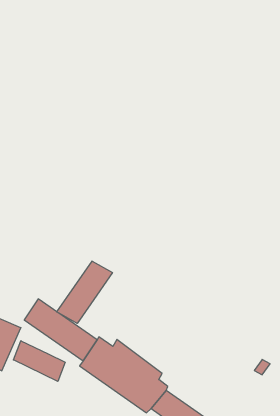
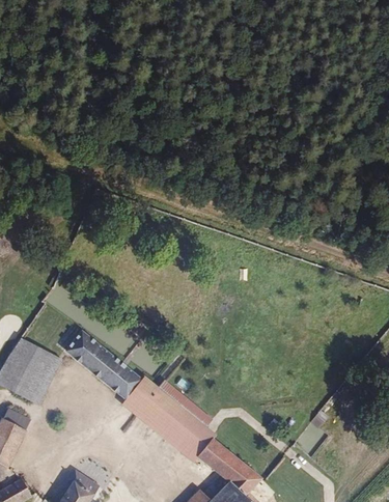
building: [57,261,112,323] -> none
building: [13,341,65,381] -> none

